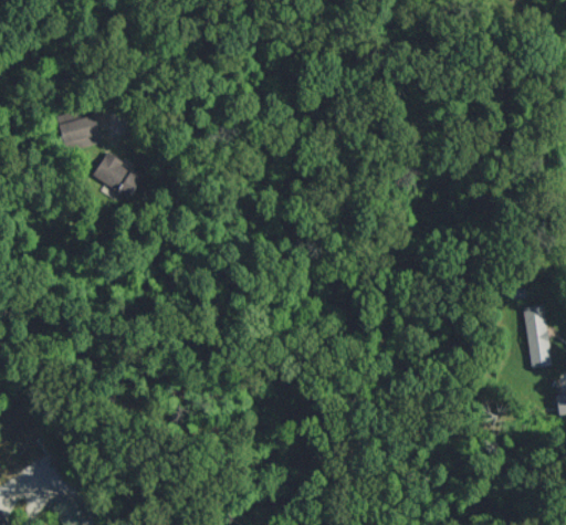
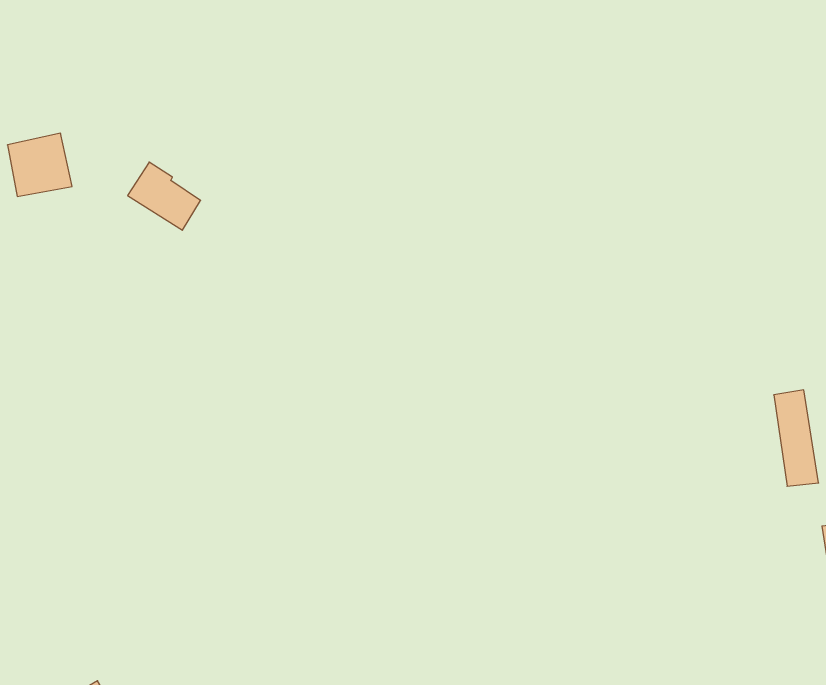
building: [57,109,101,151] -> [7,133,72,196]

